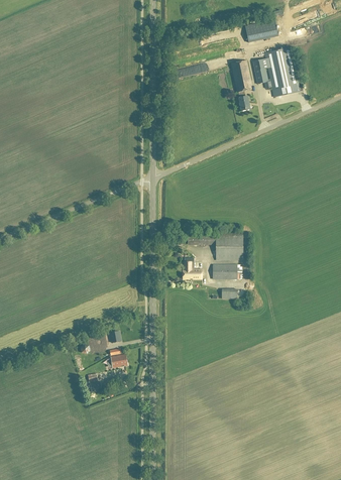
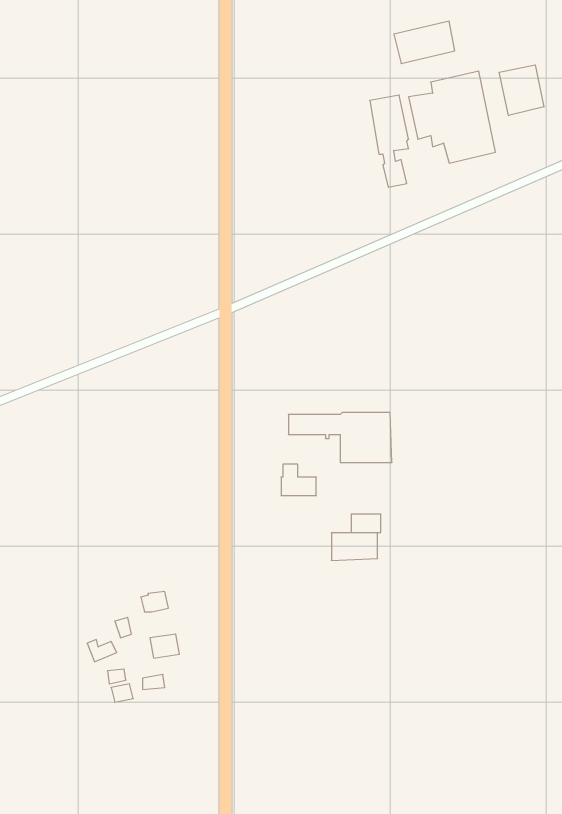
building: none -> [499,65,544,116]
building: [212,263,237,278] -> [331,533,378,560]

